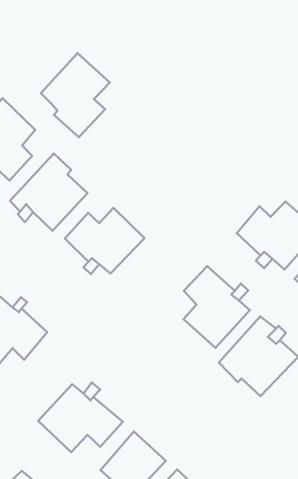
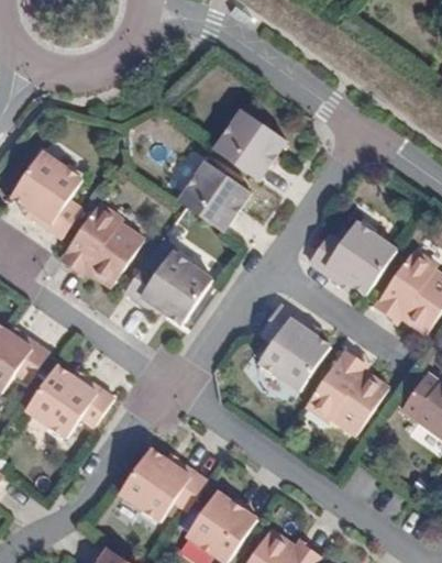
building: [41,53,110,137] -> none
building: none -> [210,109,279,177]
building: none -> [175,161,246,230]

